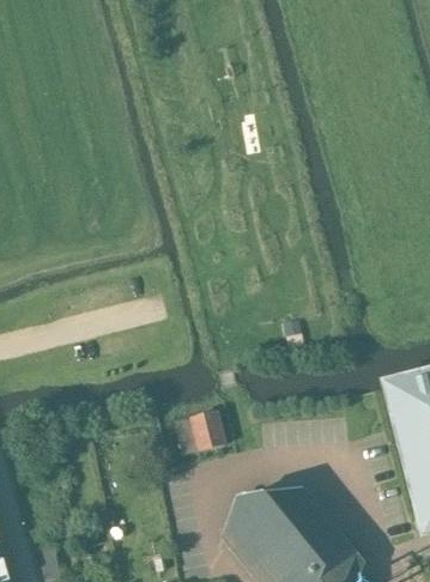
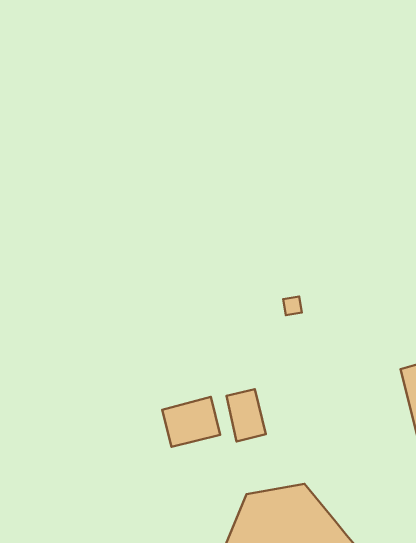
building: none -> [226,389,266,442]

